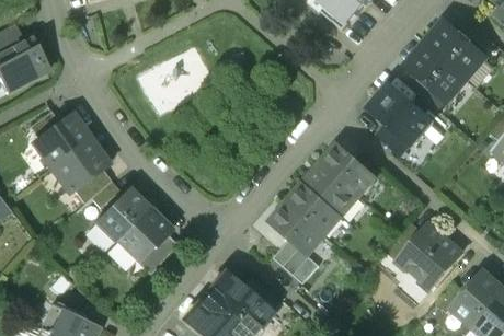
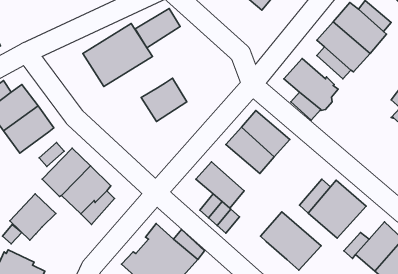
building: none -> [135,9,180,48]
building: none -> [141,78,187,121]
building: [75,169,112,204] -> none
building: [287,183,342,235] -> none
building: none -> [10,194,56,240]
building: none -> [261,212,321,270]

